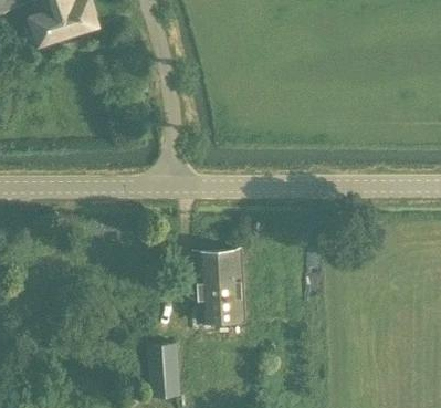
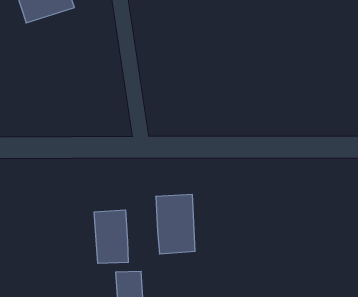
building: none -> [94,210,128,263]

